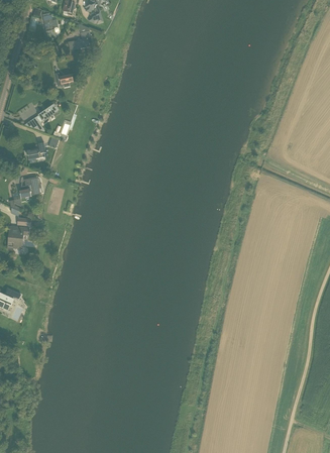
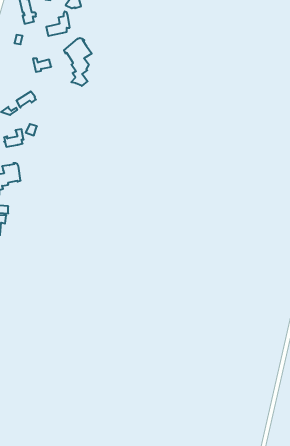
building: none -> [64,38,92,86]

